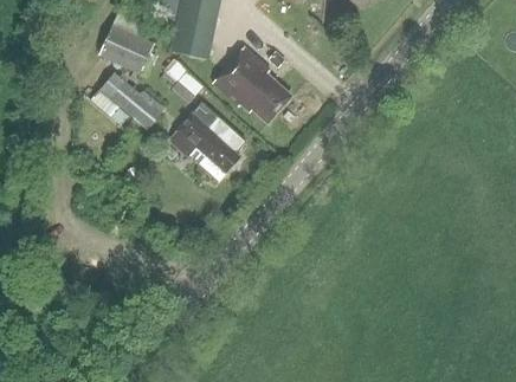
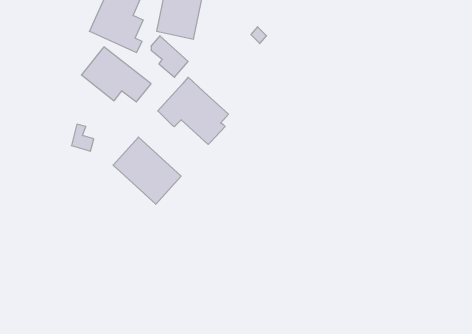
building: [211,47,290,122] -> none
building: none -> [113,137,181,204]

